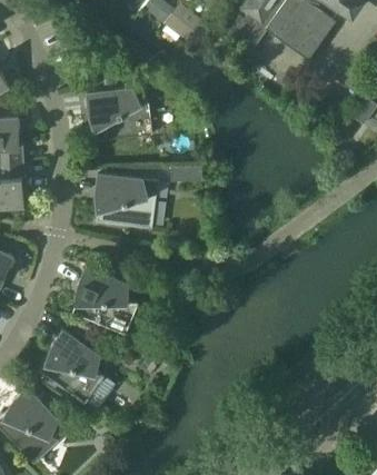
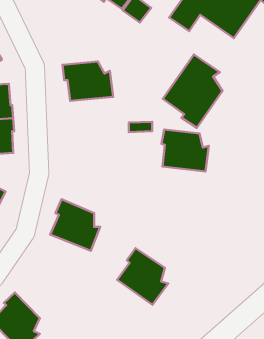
building: none -> [163,54,222,128]
building: [95,174,156,228] -> [162,129,209,172]
building: [39,329,105,403] -> [117,248,168,305]

